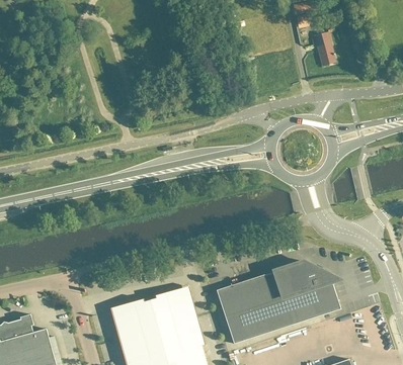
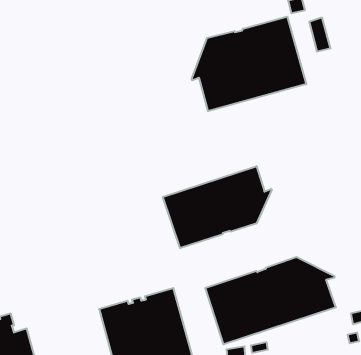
building: none -> [192,17,306,111]
building: none -> [163,166,272,248]

